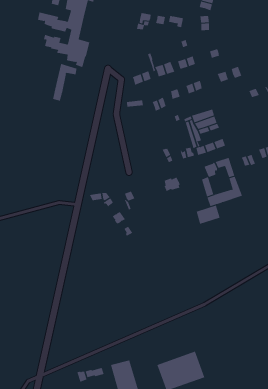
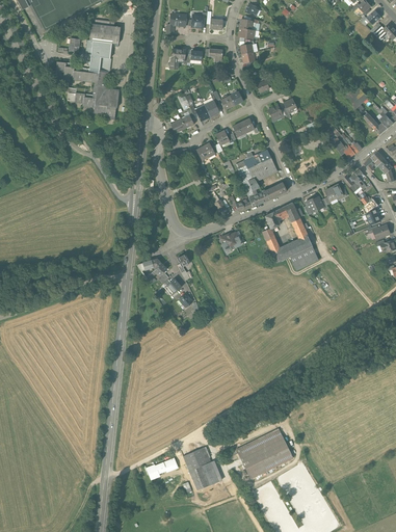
building: [53,63,77,102] -> none
building: [196,205,220,225] -> [290,245,319,270]

